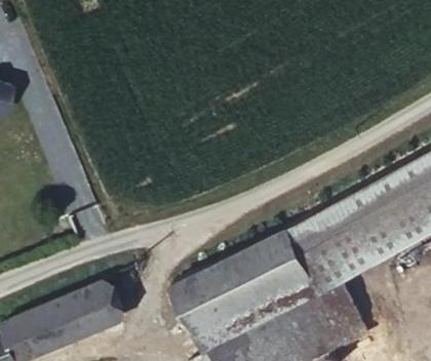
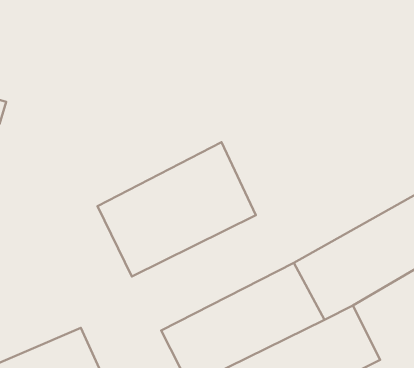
building: none -> [97,142,256,276]

